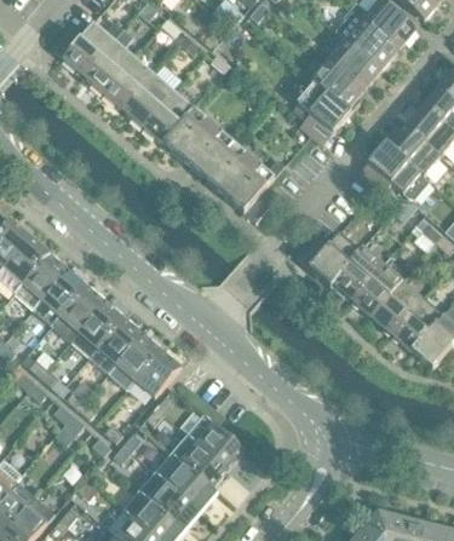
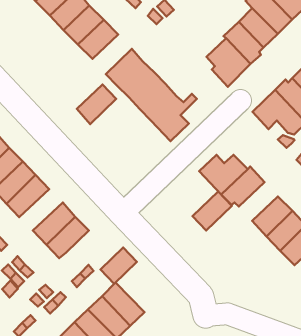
building: [144,91,194,144] -> [77,84,116,124]
building: [352,264,402,316] -> [193,192,232,231]
building: [69,300,123,356] -> none
building: [134,349,180,397] -> [101,247,137,284]

